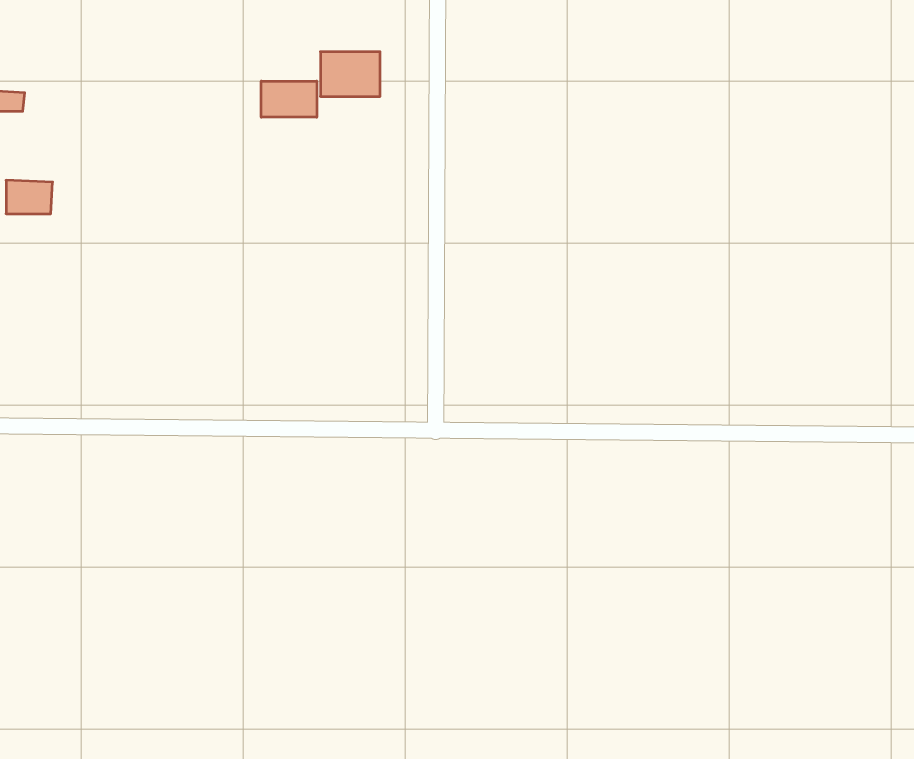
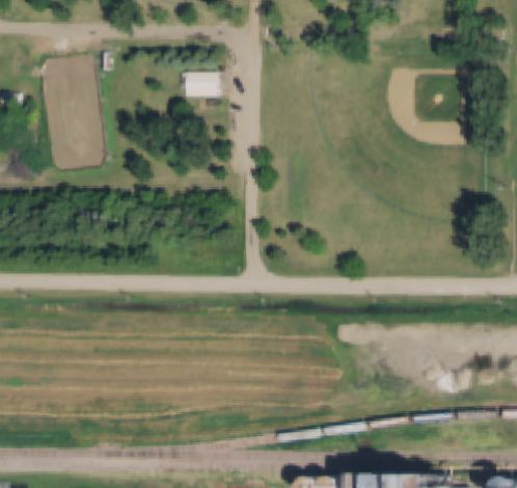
building: [261,81,317,117] -> none

